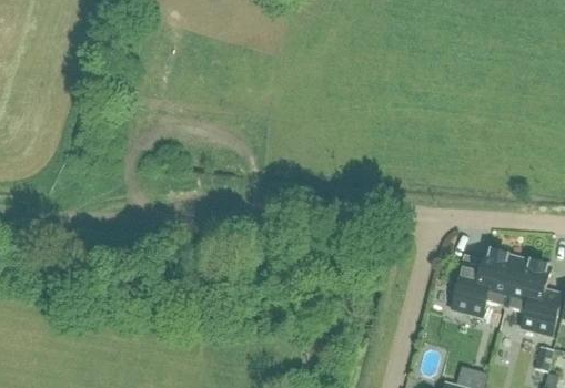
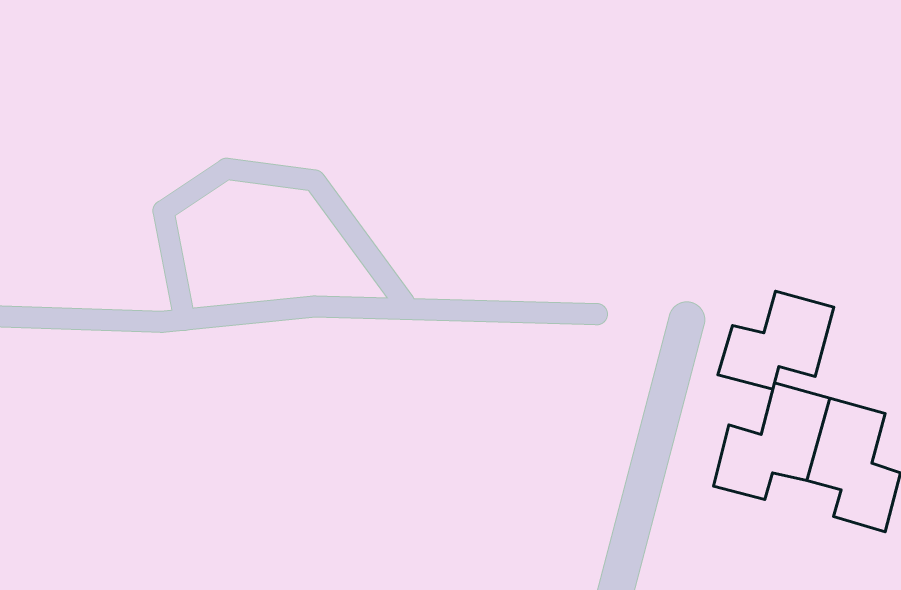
building: none -> [718,291,834,389]

